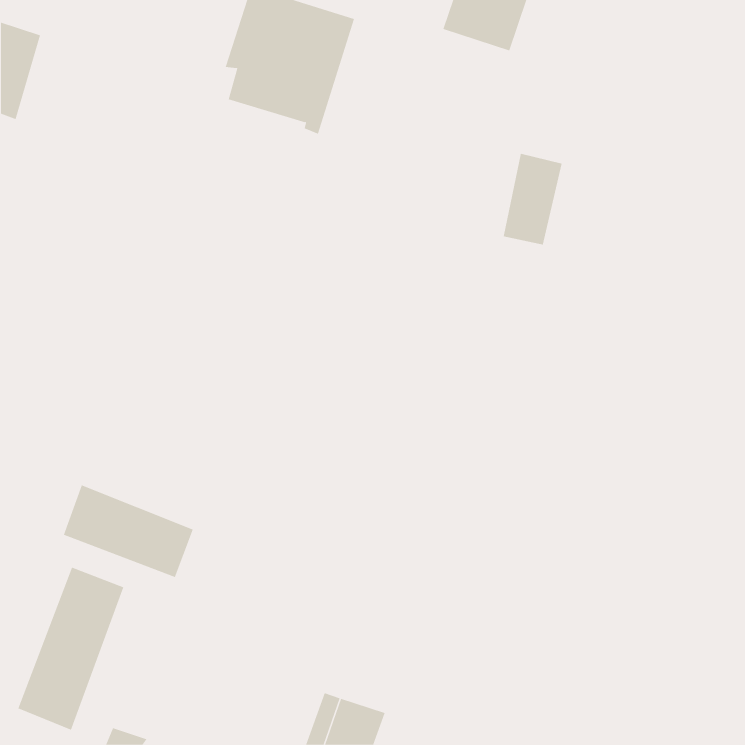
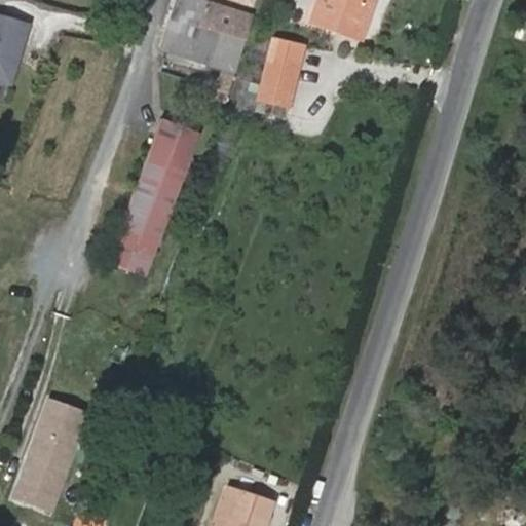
building: [503,153,563,245] -> [261,39,303,104]
building: none -> [107,118,199,276]
building: [63,485,193,578] -> none

